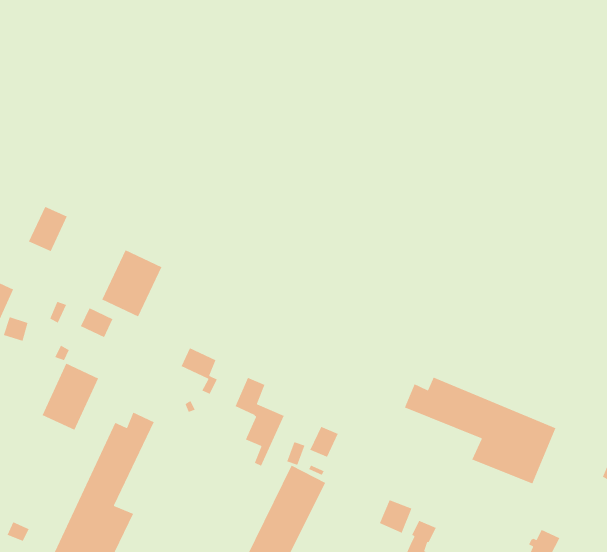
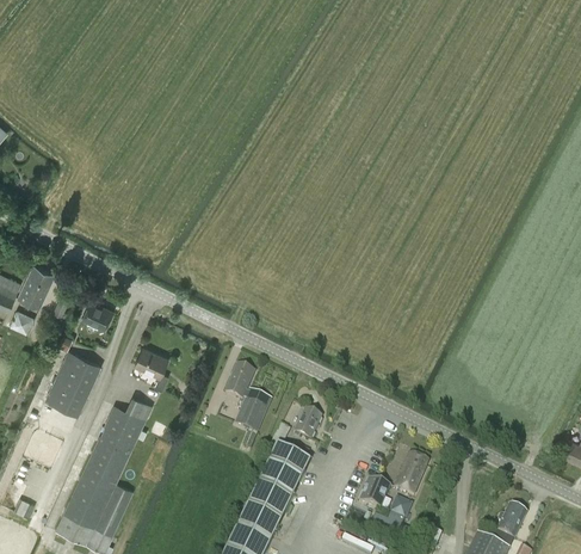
building: [28,206,68,252] -> [17,264,54,307]
building: [101,249,162,318] -> none
building: [180,347,218,395] -> [134,346,168,390]
building: [404,377,557,484] -> none
building: none -> [394,453,427,495]

